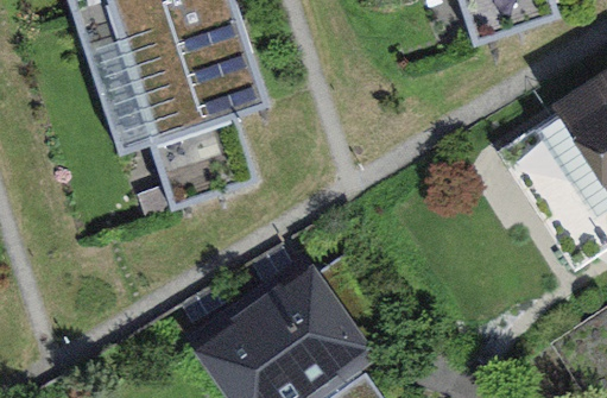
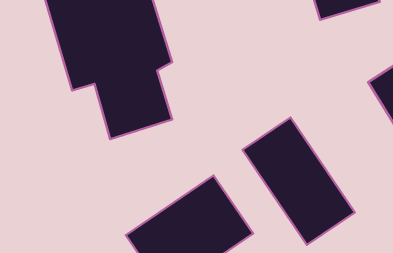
building: none -> [242,118,355,245]

